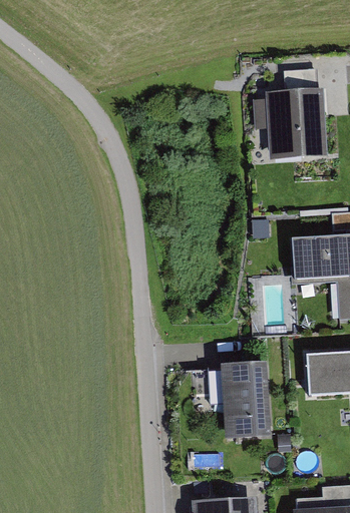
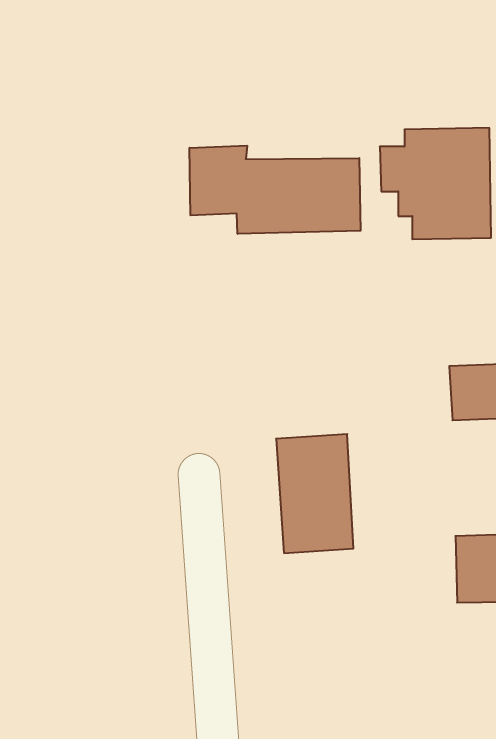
building: none -> [190,146,361,234]
building: [220,365,270,442] -> [276,434,353,553]

